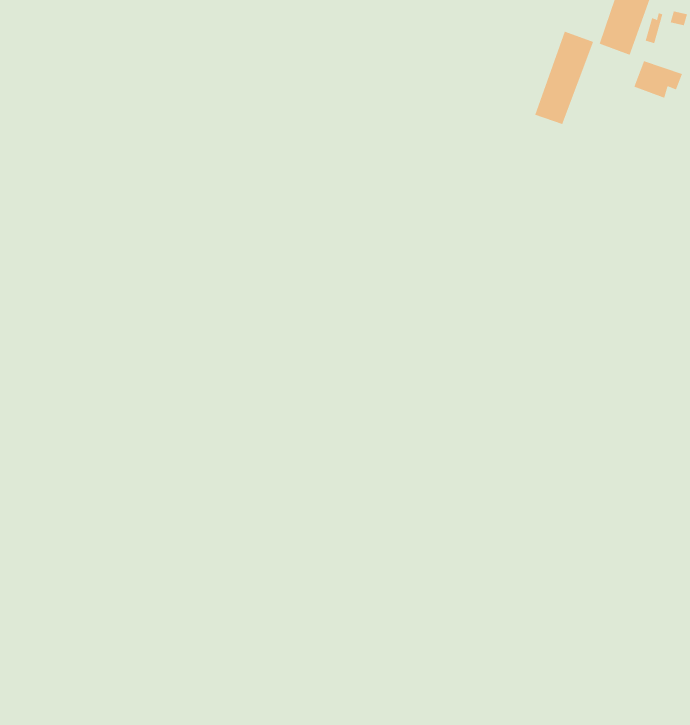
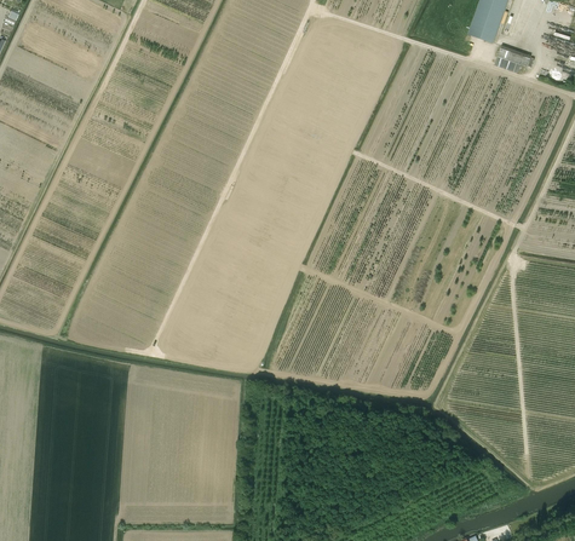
building: [534,31,594,125] -> none

